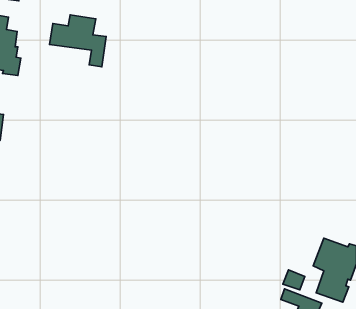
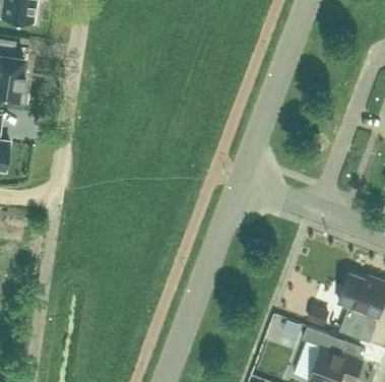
building: [50,15,106,67] -> none

